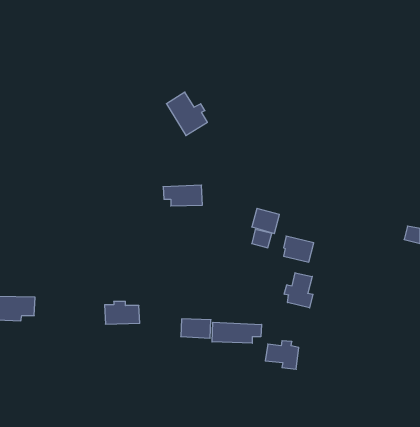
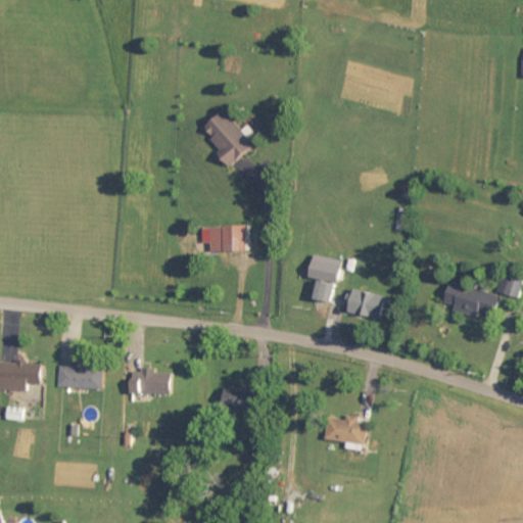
building: none -> [442,283,497,318]
building: [284,273,313,308] -> none
building: none -> [54,366,102,389]
building: [212,322,262,343] -> none

